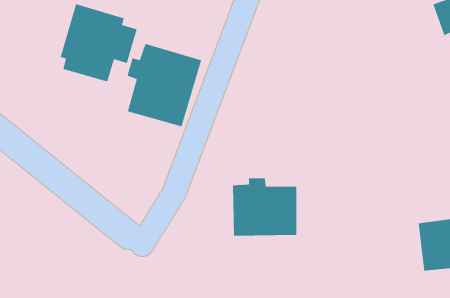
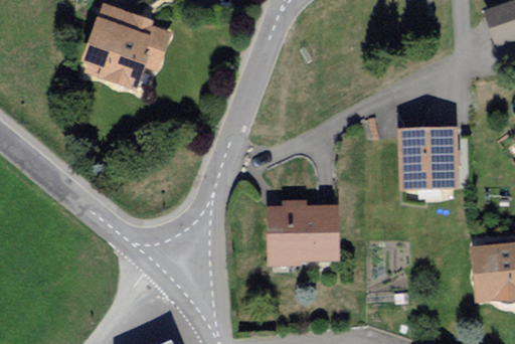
building: [127,43,202,127] -> none
building: none -> [398,127,458,188]

